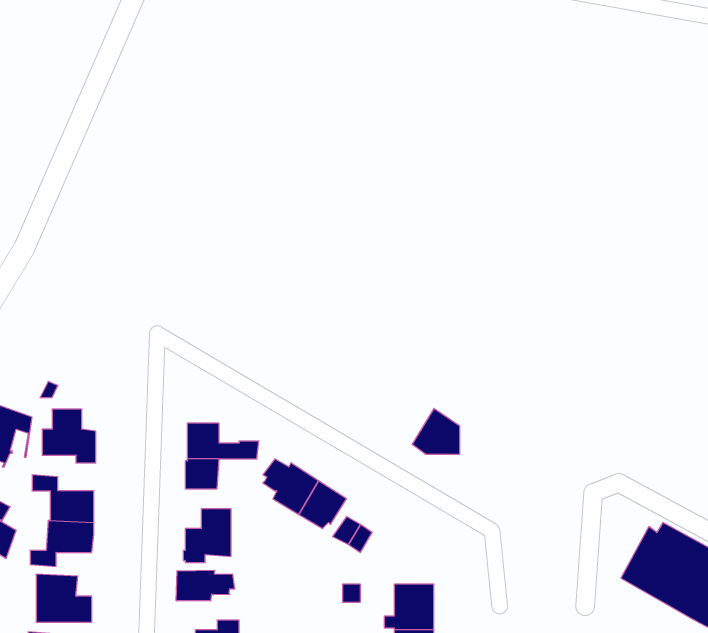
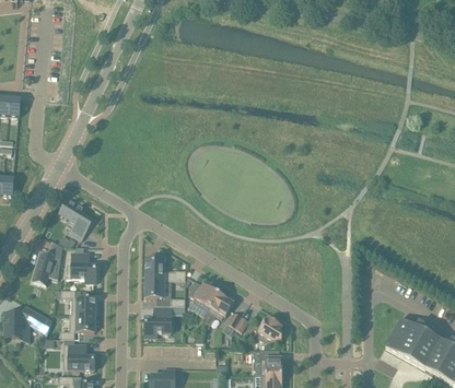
building: none -> [59,199,94,239]
building: [412,408,460,454] -> [256,316,282,341]
building: [176,570,234,601] -> none

